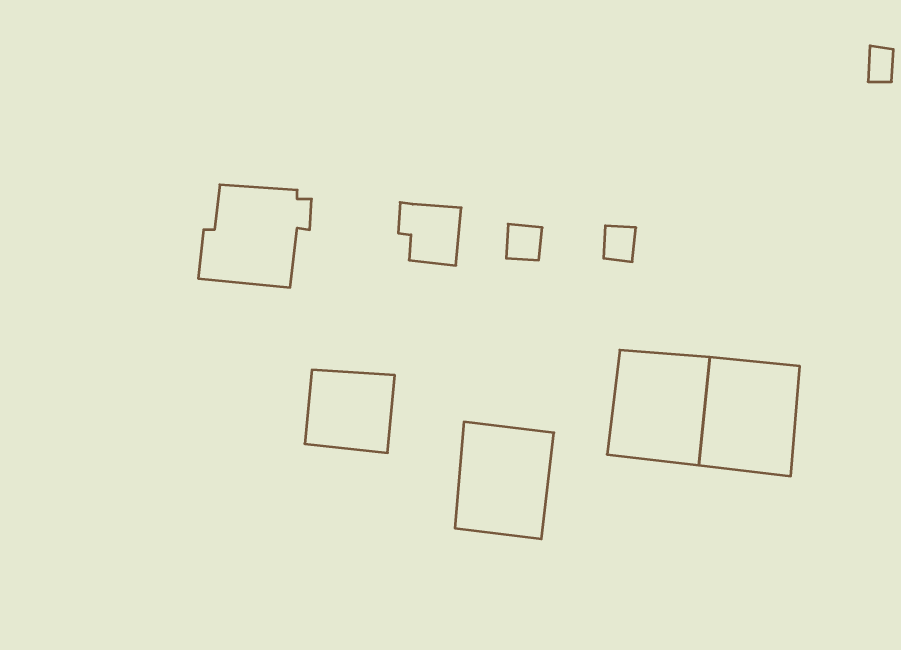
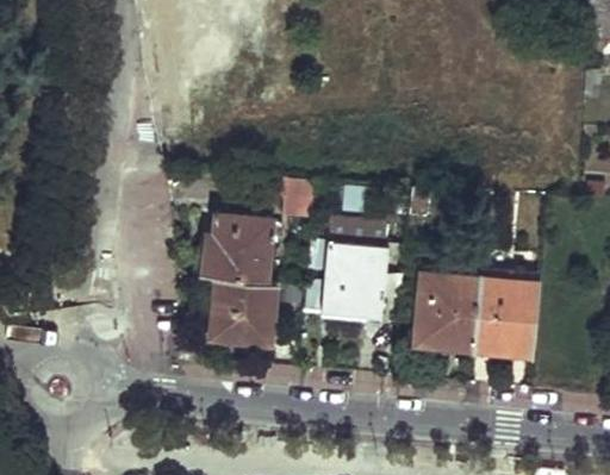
building: [198,185,312,287] -> [201,213,276,281]
building: [455,422,554,539] -> [320,240,386,318]

